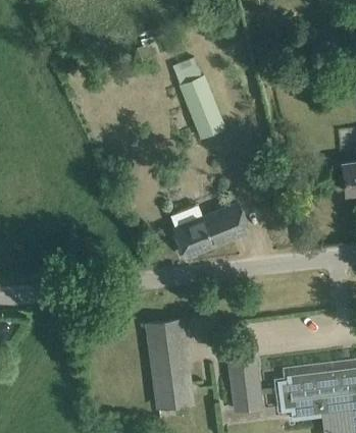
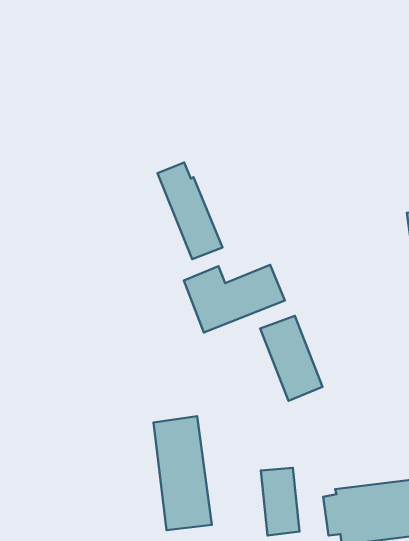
building: [174,65,224,140] -> [158,162,223,259]
building: none -> [260,316,323,401]

